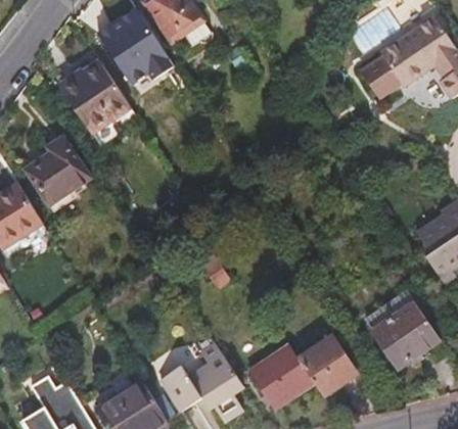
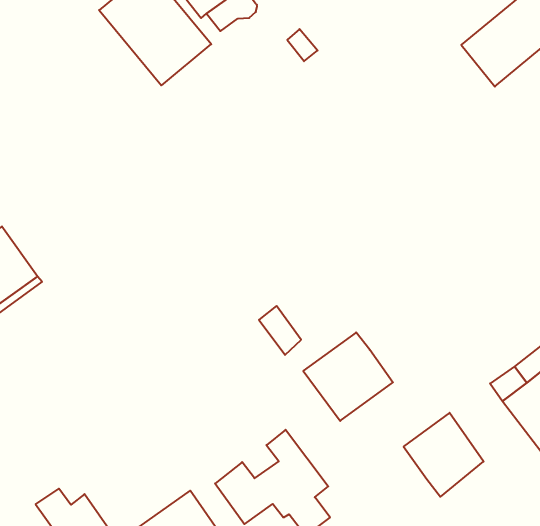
building: [64,65,130,134] -> none
building: [26,136,89,204] -> none
building: [248,346,313,410] -> [303,332,393,421]

